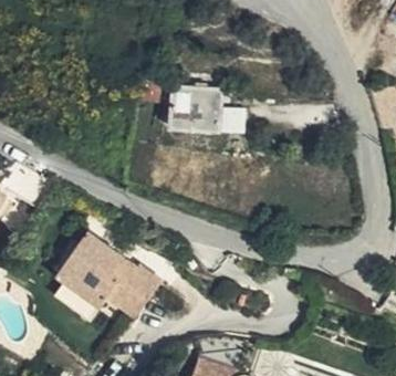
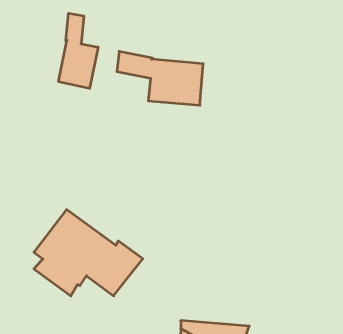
building: none -> [59,13,98,88]

